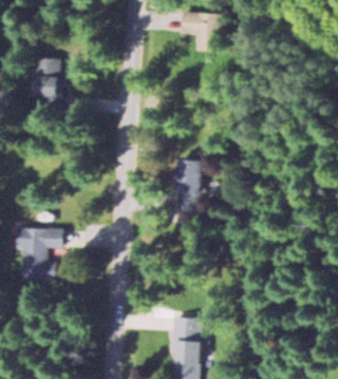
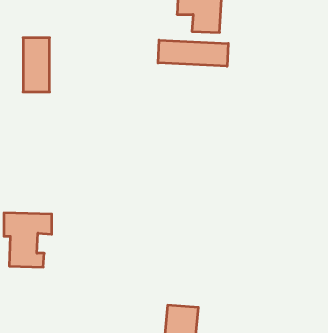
building: none -> [158,40,228,66]
building: [177,159,203,211] -> none

